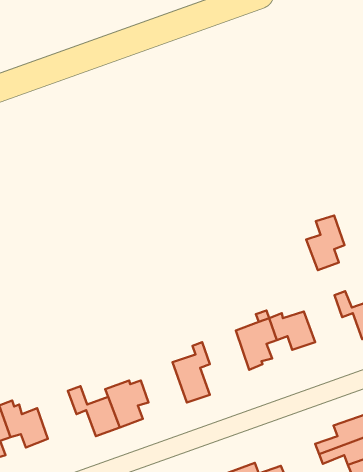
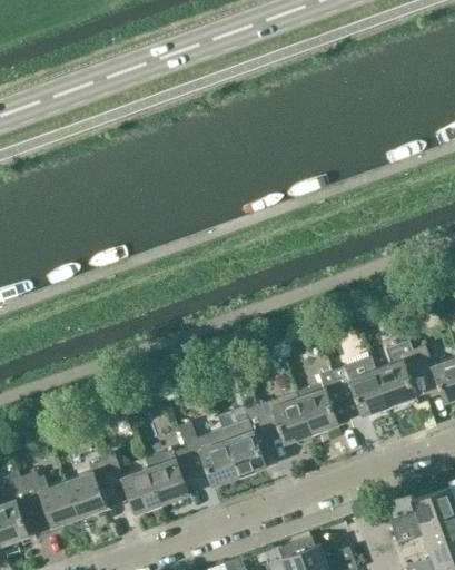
building: [306,216,345,270] -> [375,341,419,404]
building: none -> [257,391,311,444]
building: none -> [178,422,239,484]
building: none -> [66,461,111,517]

